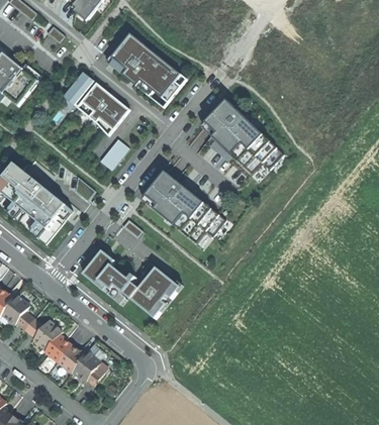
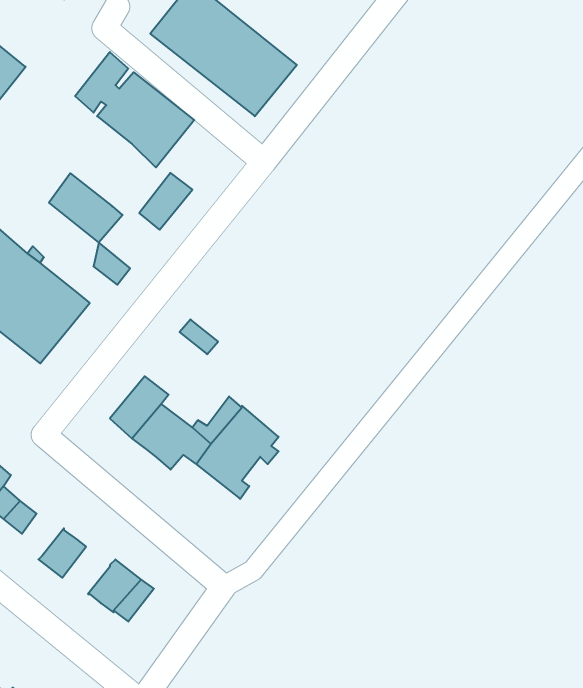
building: [201,99,283,173] -> none
building: none -> [49,173,123,243]
building: [143,171,224,241] -> none
building: [32,319,61,348] -> none
building: [57,343,83,370] -> none

